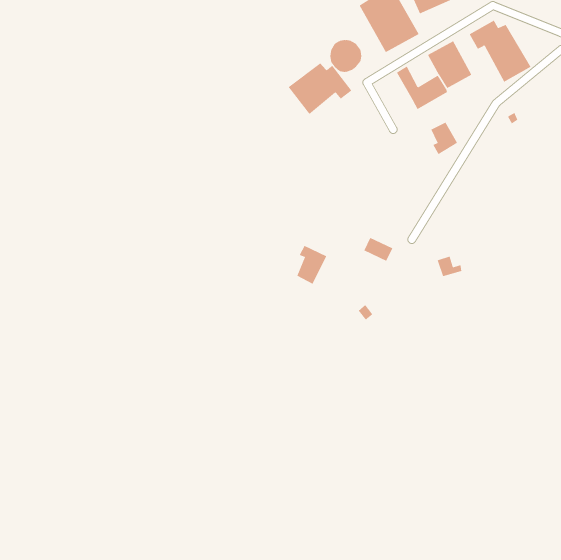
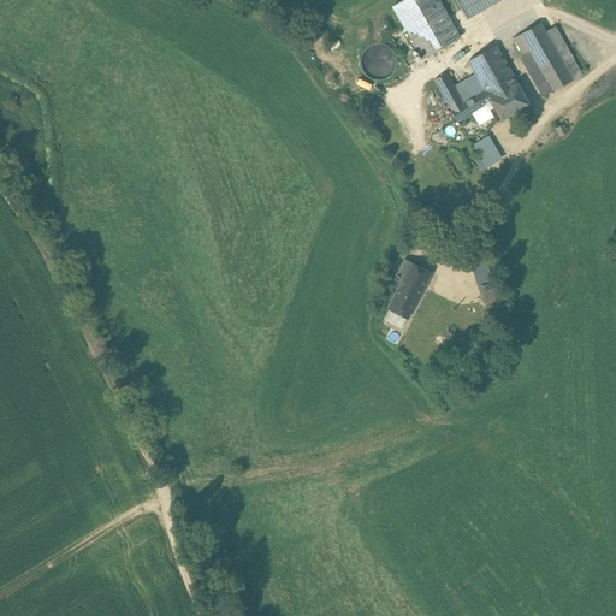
building: [288,62,352,115] -> none
building: none -> [490,82,529,119]
building: [297,245,327,285] -> [390,274,424,318]

